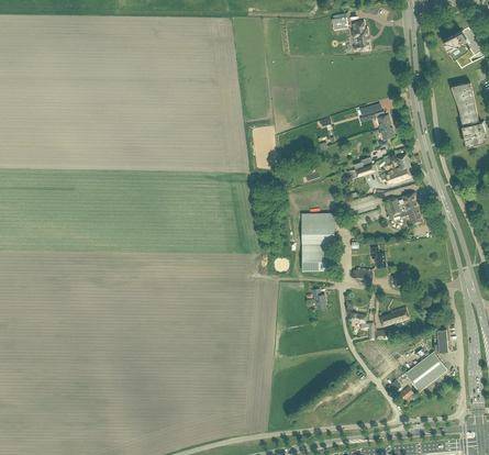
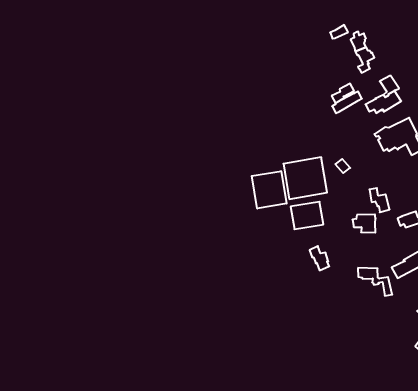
building: none -> [252,171,287,209]

